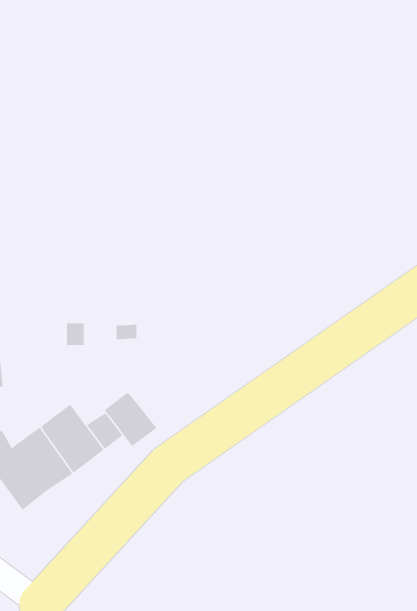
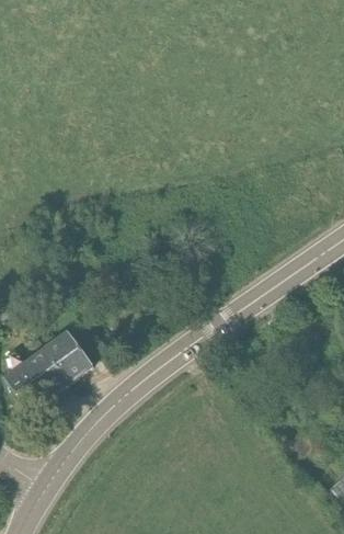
building: [104,392,157,447] -> none

